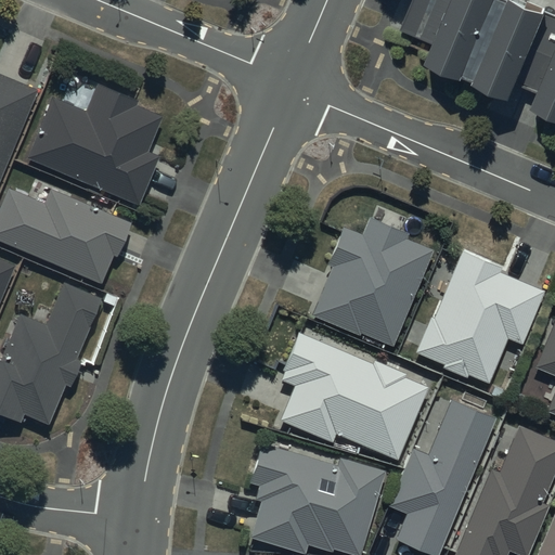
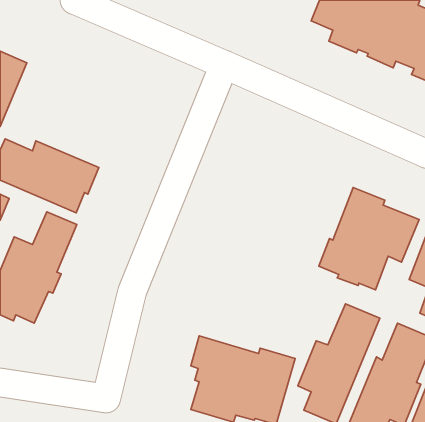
building: [27,82,164,207] -> none
building: [312,215,434,345] -> none
building: [280,330,429,460] -> none

